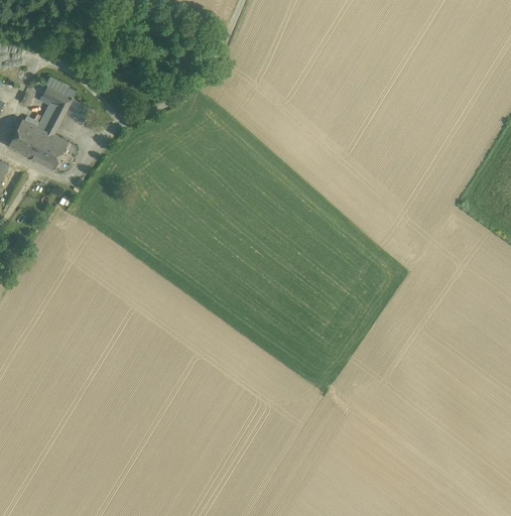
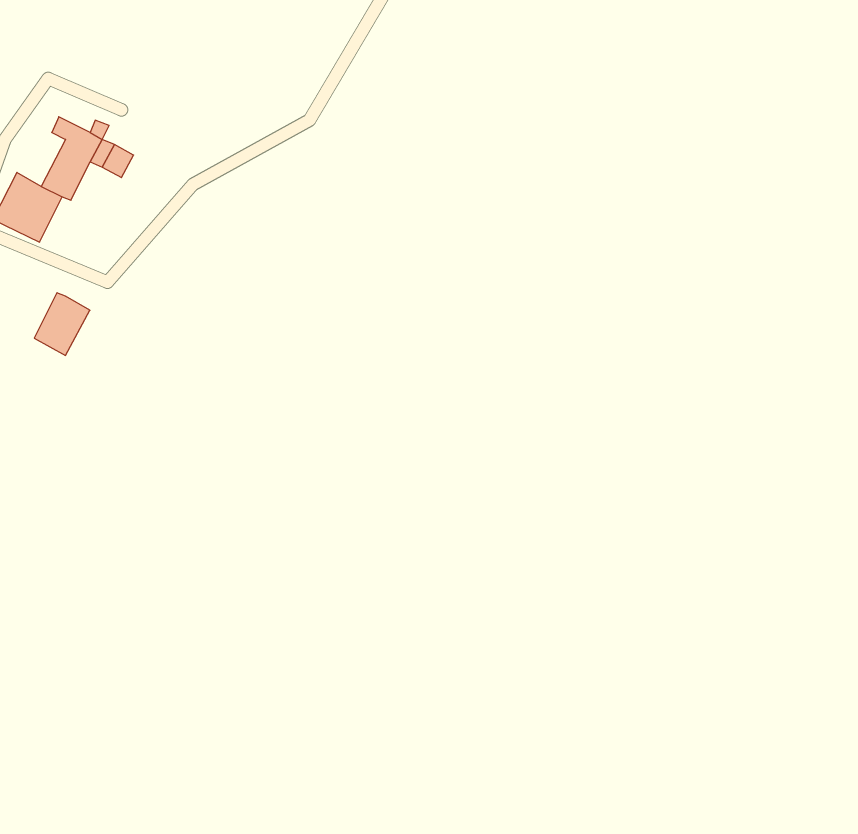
building: [35,133,68,169] -> [34,293,90,355]

